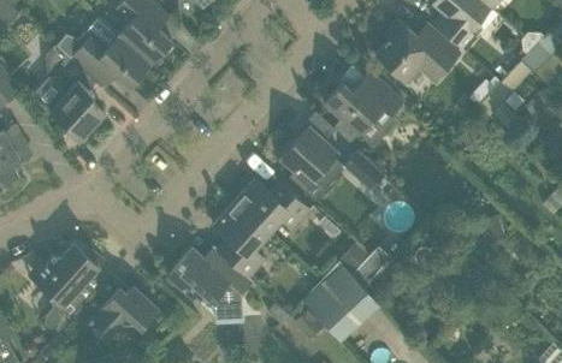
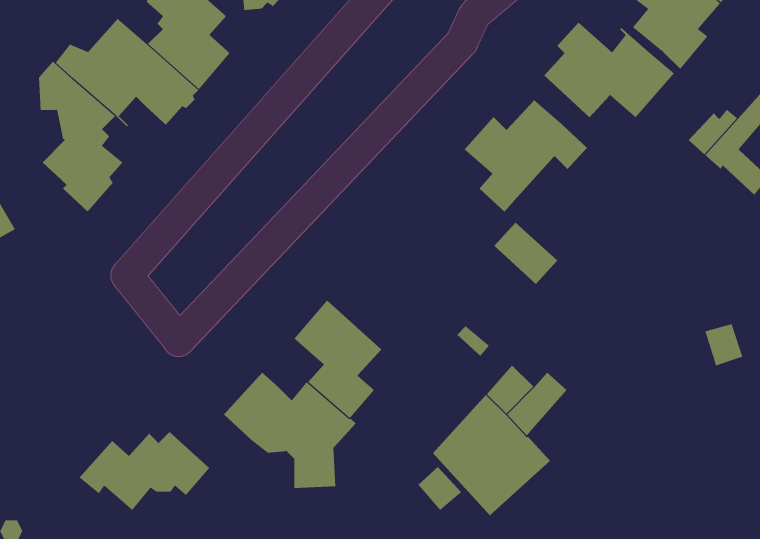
building: [278,124,339,198] -> none
building: [235,180,310,234] -> none
building: [36,245,95,337] -> none

